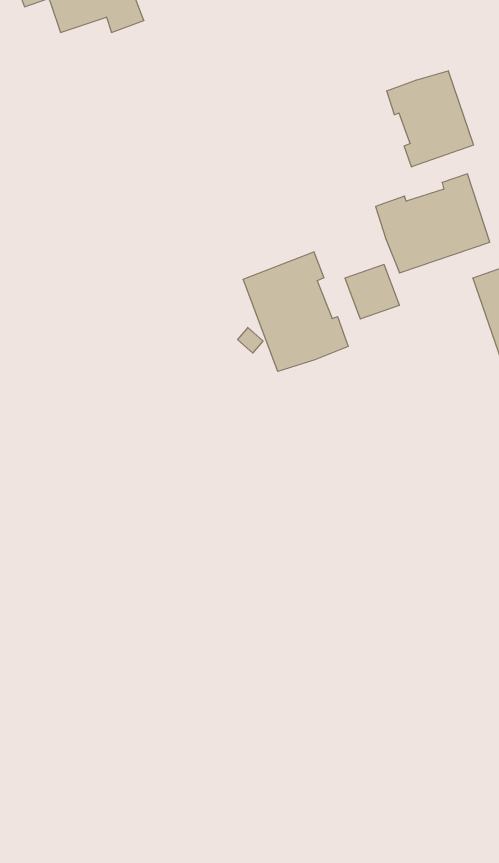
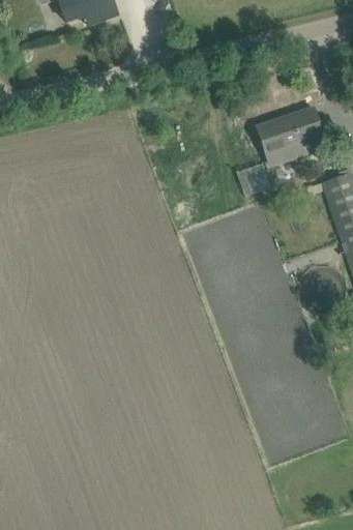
building: [387,71,473,167] -> none
building: [243,252,348,371] -> none

